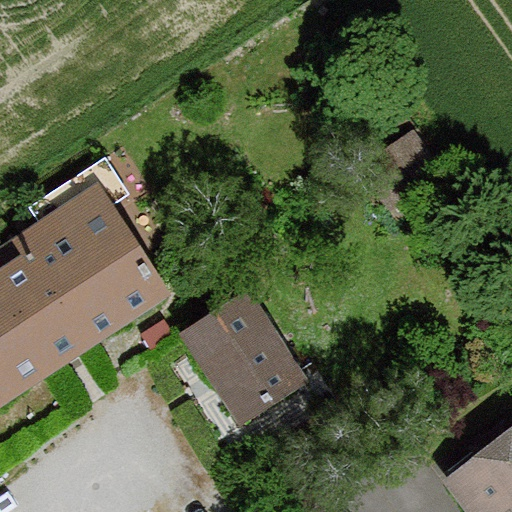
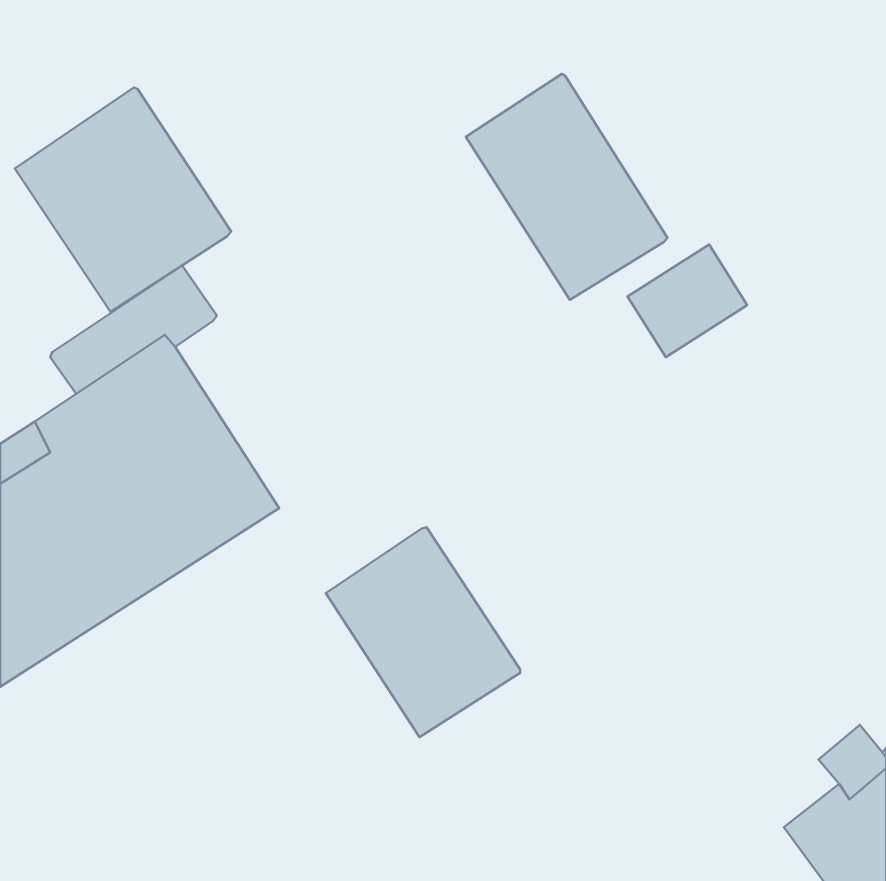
building: none -> [466,74,668,300]
building: none -> [15,88,231,312]

